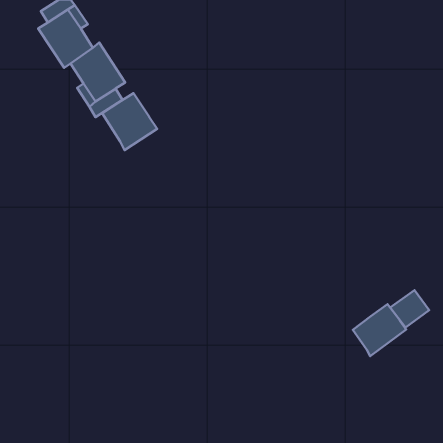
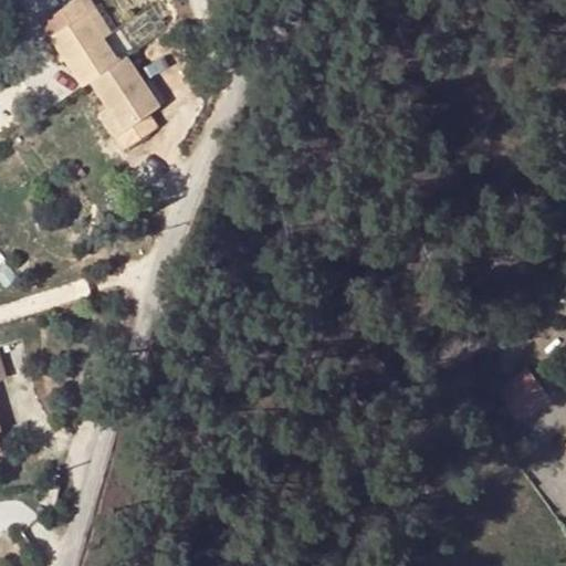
building: [102,93,157,150] -> none
building: [353,304,406,356] -> none

